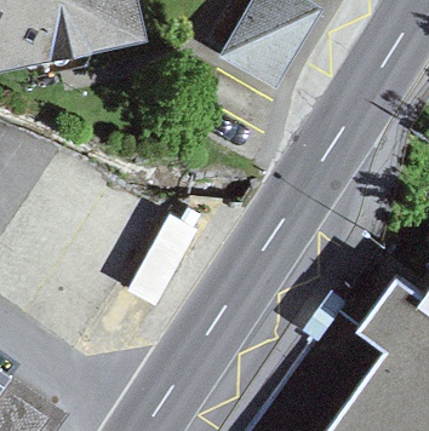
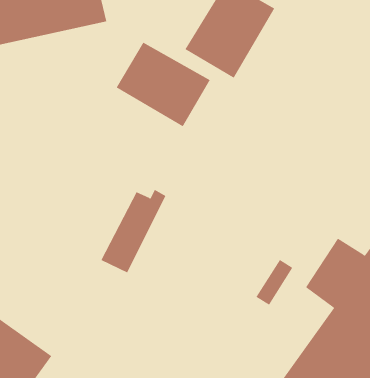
building: none -> [116,42,211,127]

